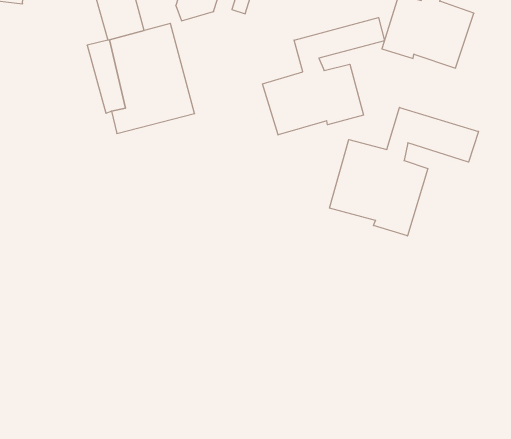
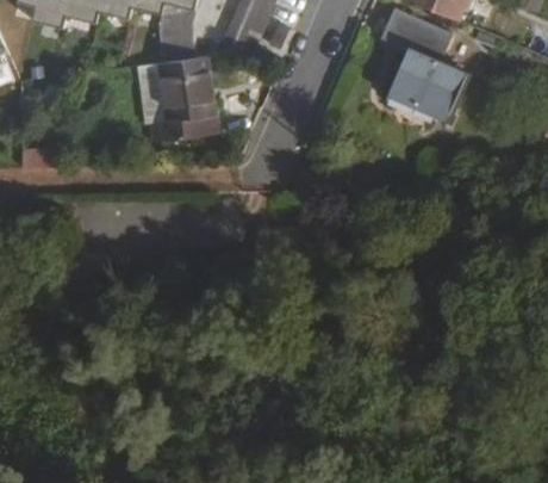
building: [263,18,384,135] -> none
building: [330,107,478,236] -> none

